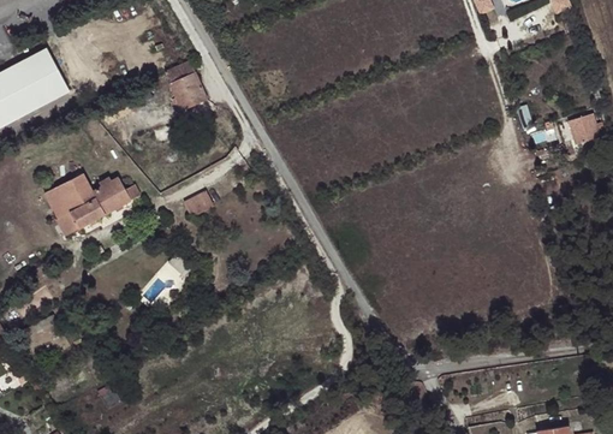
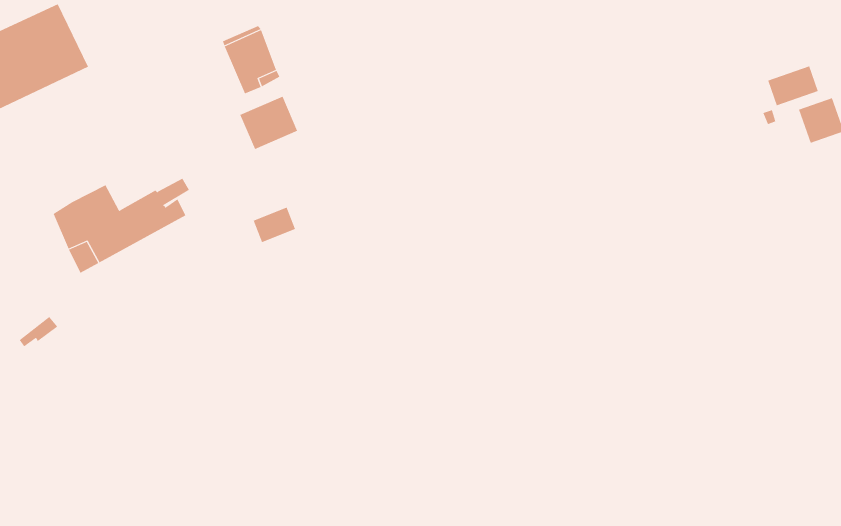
building: none -> [767,65,819,106]
building: none -> [240,96,298,150]

